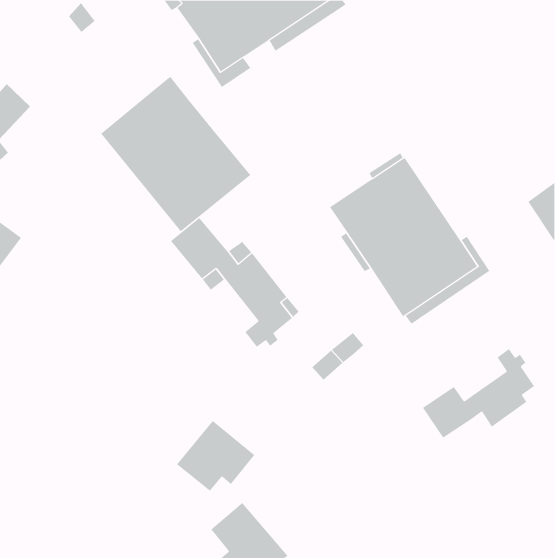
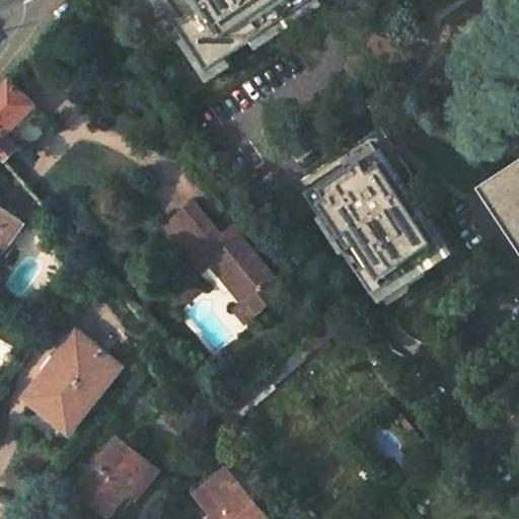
building: [100,76,251,232] -> none
building: [422,348,535,439] -> none
building: none -> [29,335,115,433]
building: [176,420,255,491] -> [82,437,155,503]

